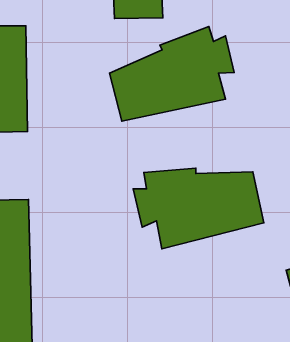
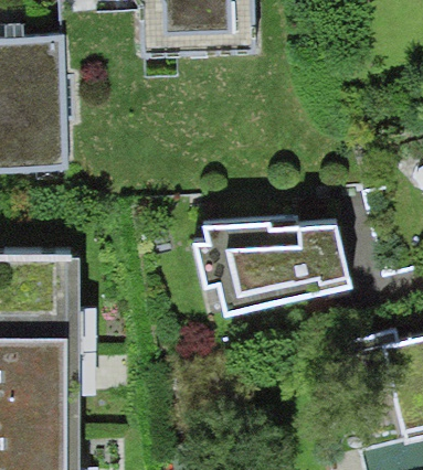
building: [110,27,234,121] -> none

